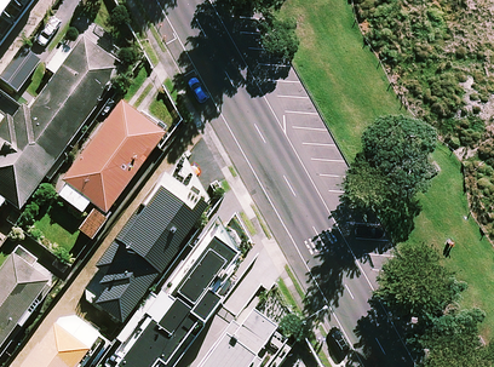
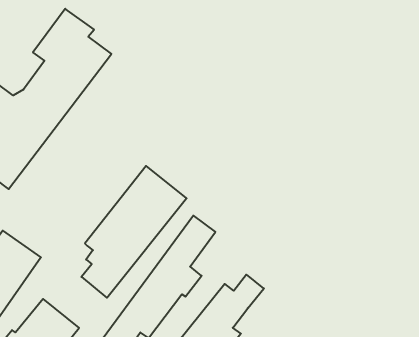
building: [61,107,165,219] -> none

